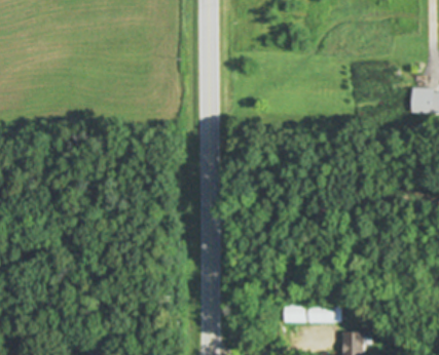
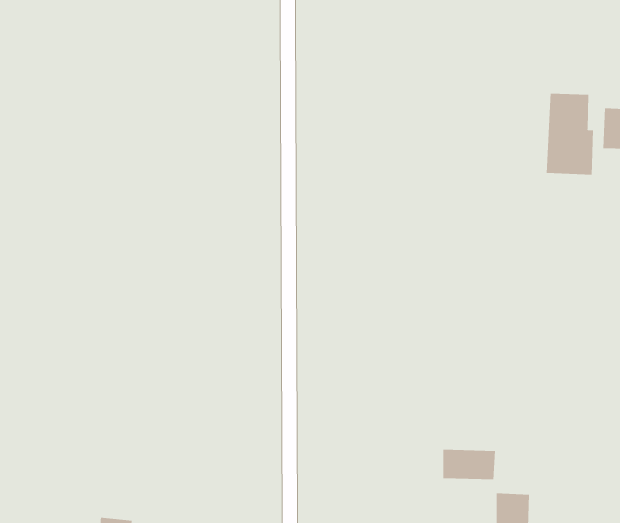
building: none -> [546,93,594,175]
building: [284,304,305,323] -> none

